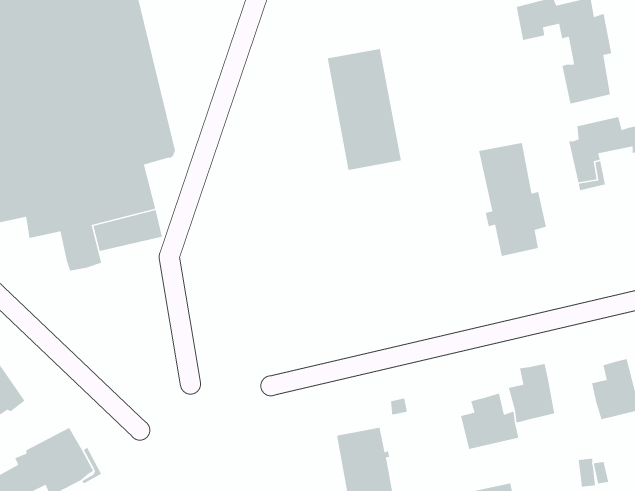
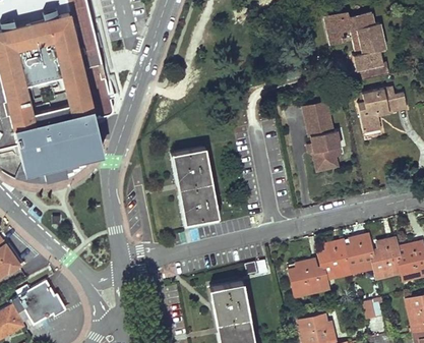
building: [327,48,402,171] -> [170,148,217,224]
building: none -> [21,159,45,181]
building: none -> [345,234,374,272]

